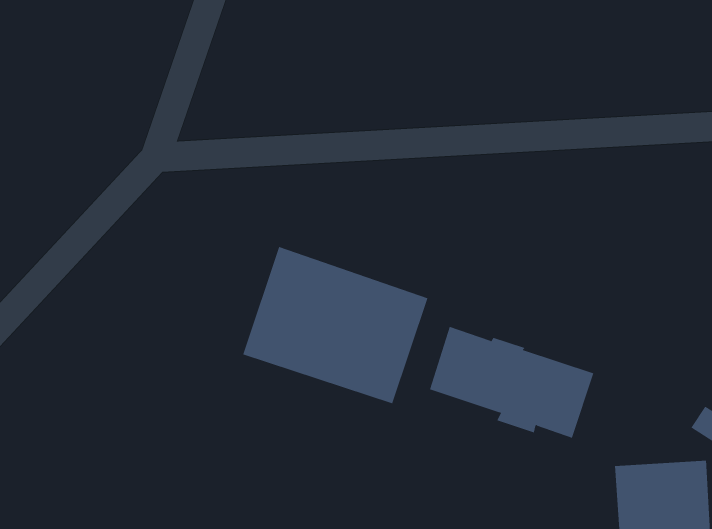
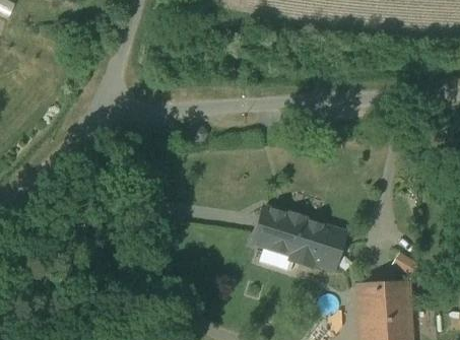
building: [243,246,428,404] -> none

